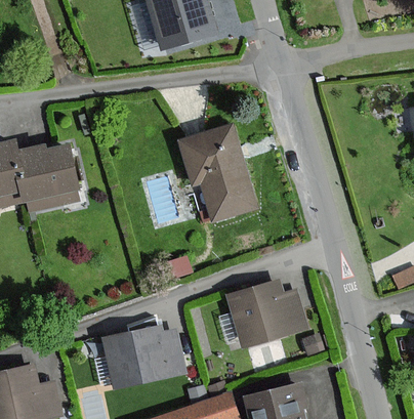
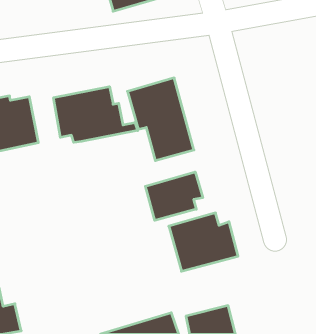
building: none -> [54,87,138,142]
building: none -> [145,172,203,220]
building: [104,326,184,388] -> none

